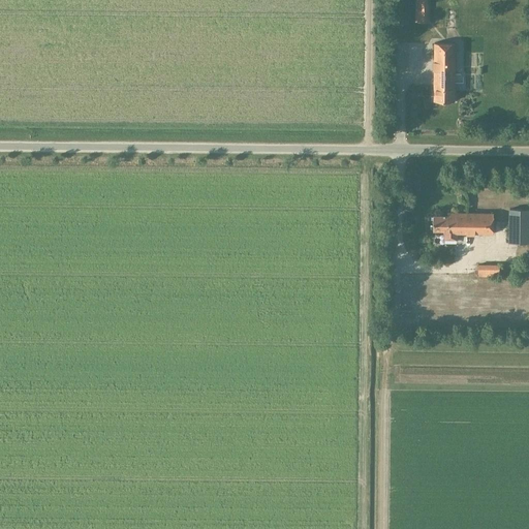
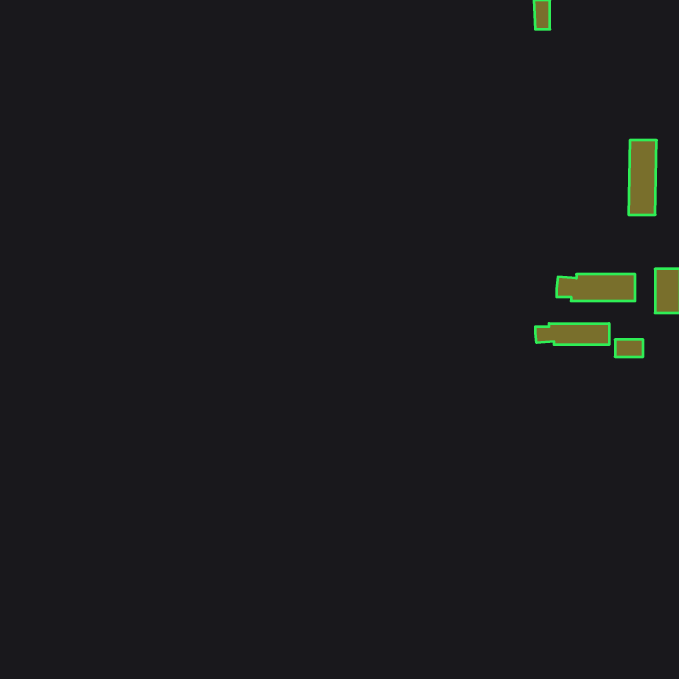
building: [434,44,456,102] -> [629,140,657,215]
building: none -> [535,323,609,345]

